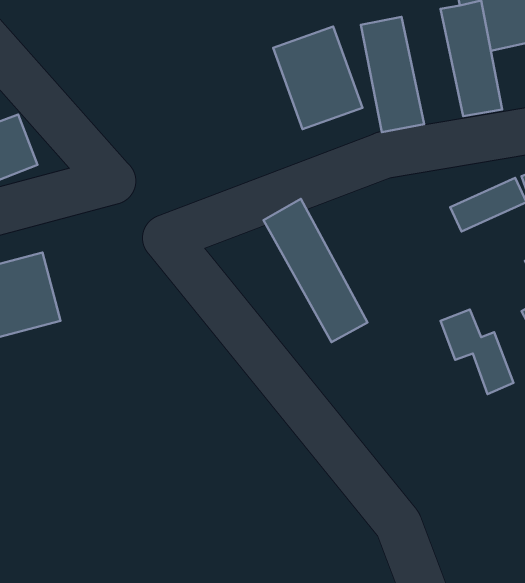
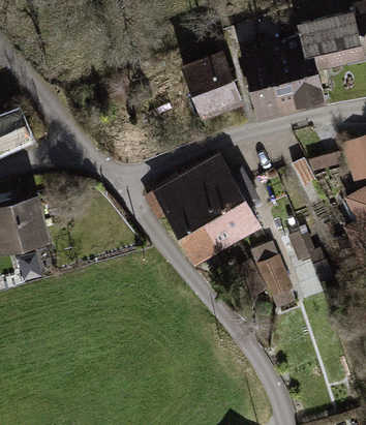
building: none -> [266,40,305,114]
building: none -> [202,150,265,240]
building: none -> [145,175,221,266]
building: none -> [241,245,297,312]

